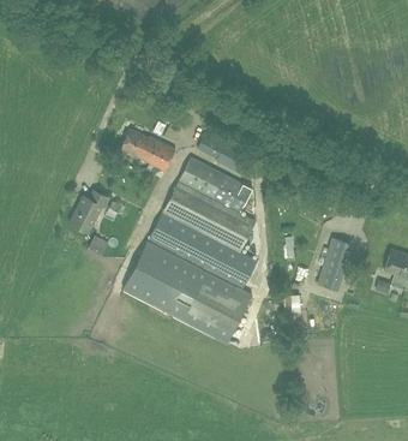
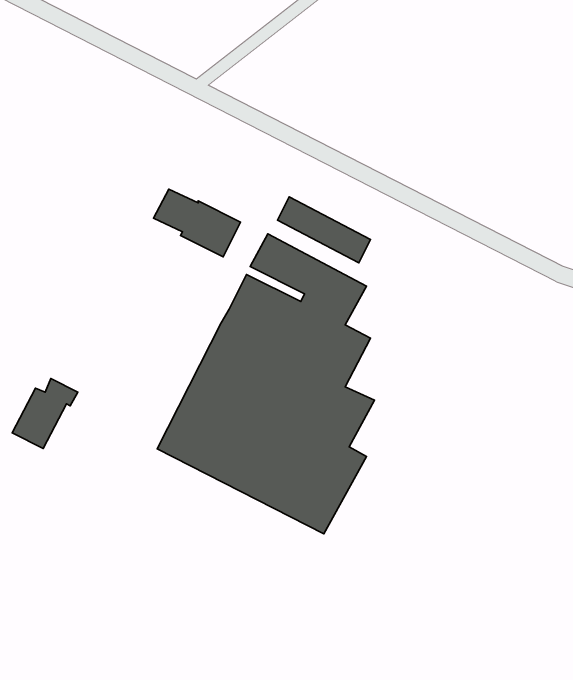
building: [68,189,109,232] -> [12,379,78,448]
building: [318,237,352,290] -> none

